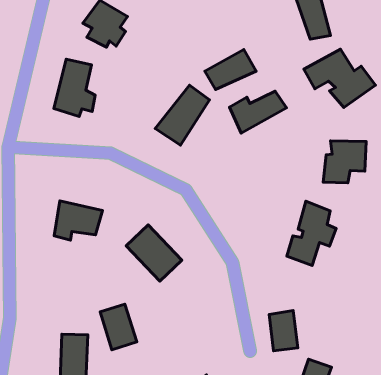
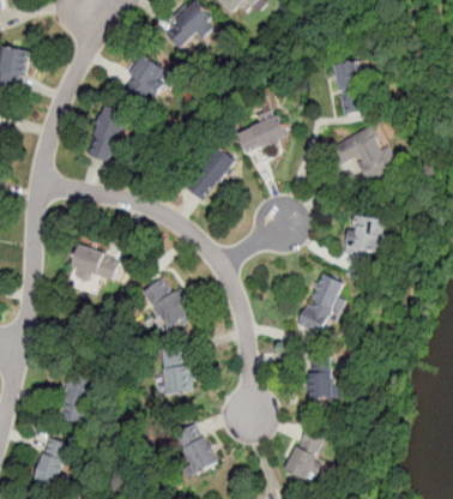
building: [230,91,286,133] -> none
building: [100,304,137,350] -> [161,353,193,396]
building: [269,310,298,351] -> [307,361,331,398]

